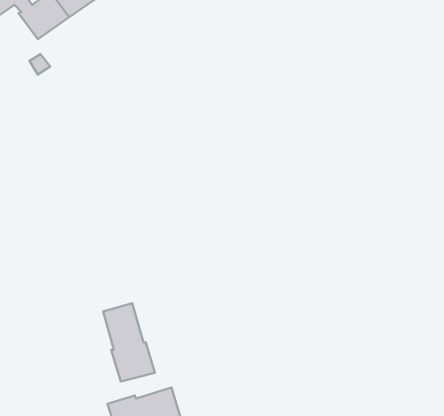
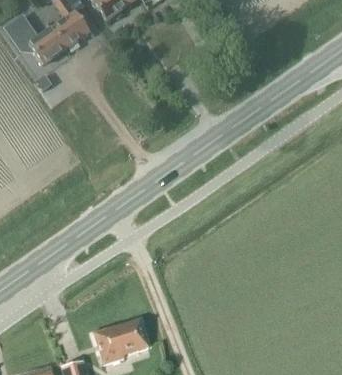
building: [103,303,155,381] -> none

